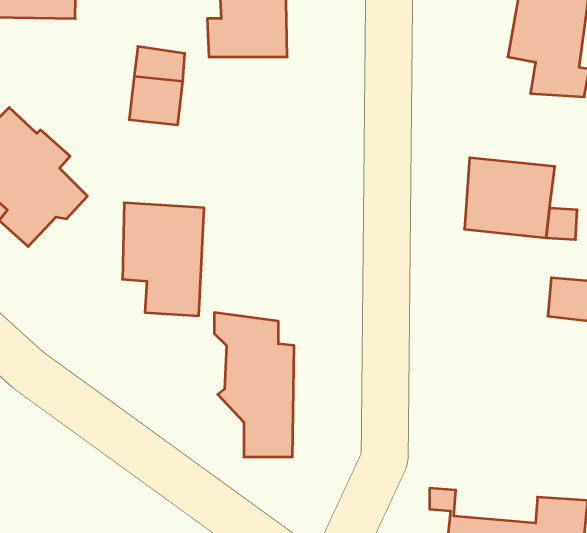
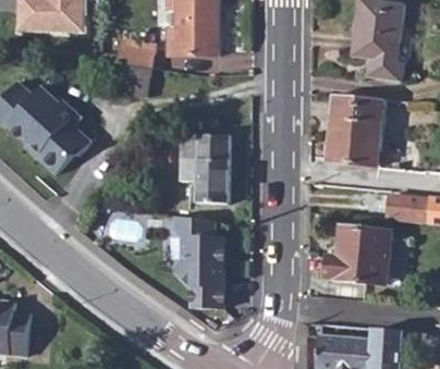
building: none -> [331,96,388,123]
building: [122,203,204,316] -> [179,130,230,200]
building: none -> [327,229,393,287]

